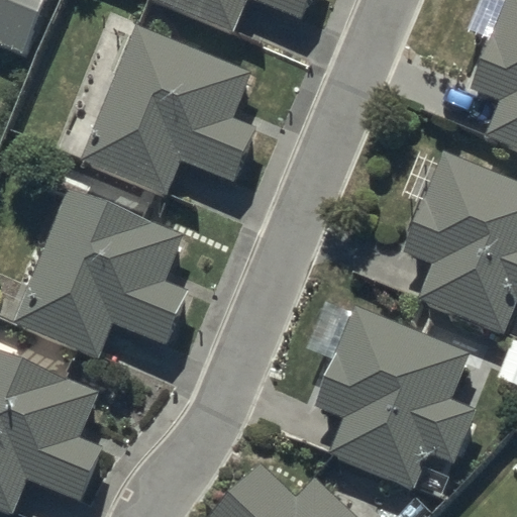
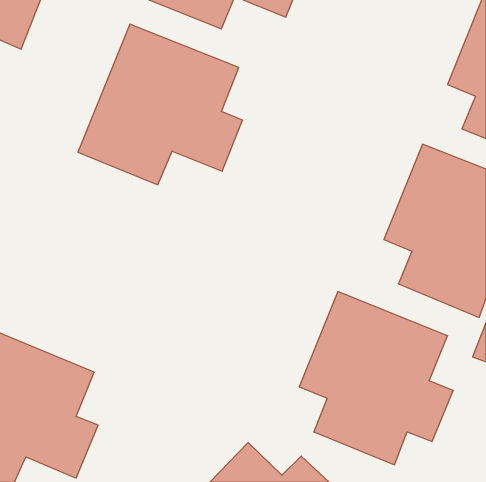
building: [13,189,188,357] -> none

